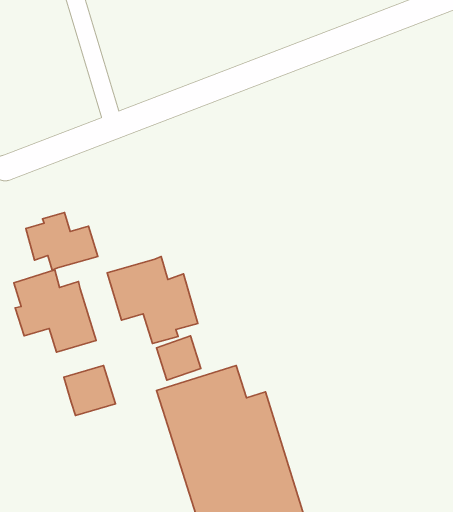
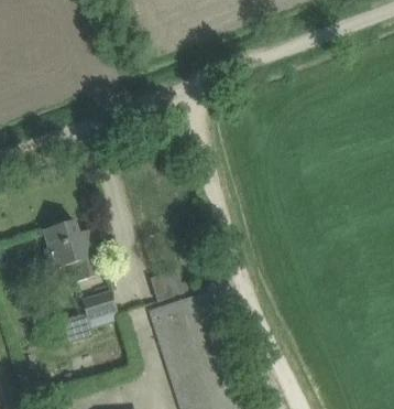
building: [26,213,98,270] -> none
building: [107,257,198,344] -> none

